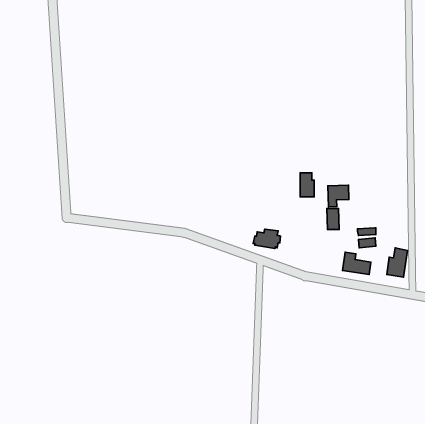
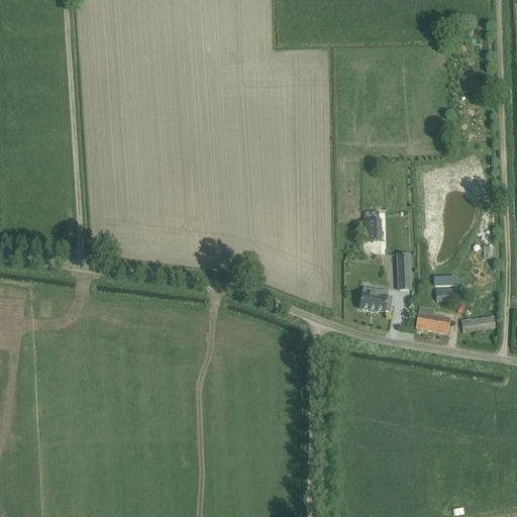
building: [328,185,349,207] -> none
building: [253,229,281,249] -> [357,288,391,311]

